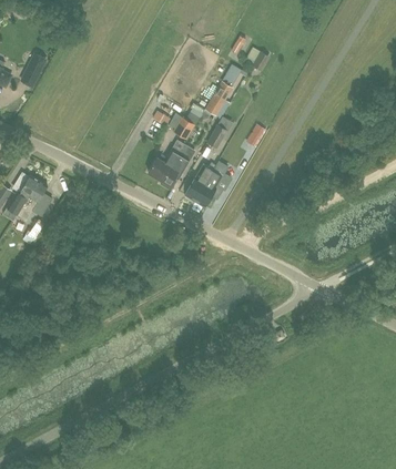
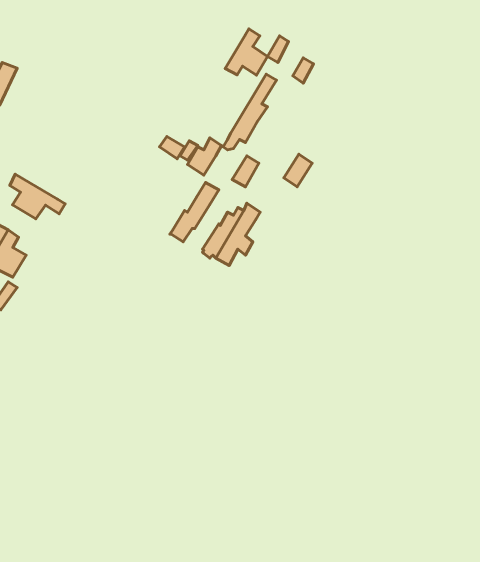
building: none -> [225,29,268,75]
building: none -> [10,174,65,219]
building: [146,139,185,180] -> none

